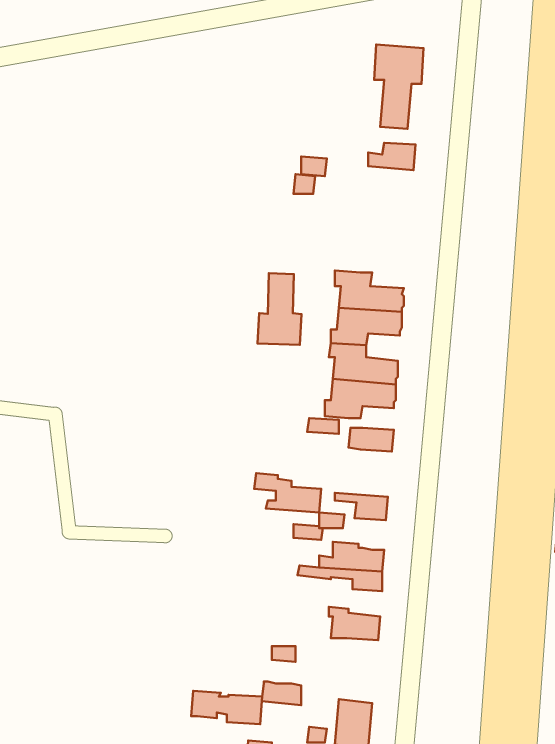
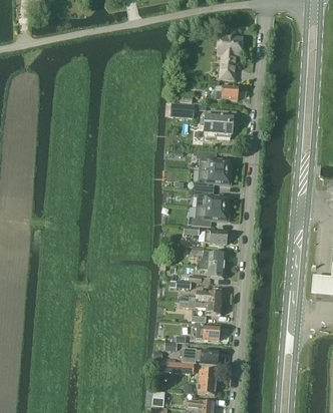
building: none -> [203,109,237,137]
building: [257,273,302,345] -> none
building: [254,473,321,512] -> [192,247,226,267]
building: [191,691,262,724] -> [183,348,219,365]

